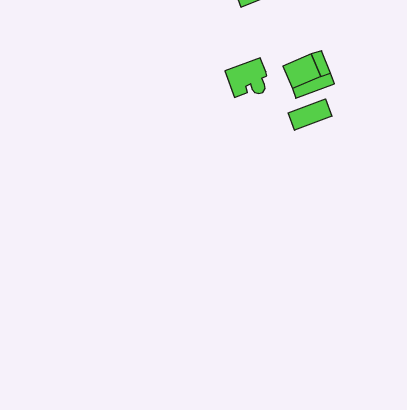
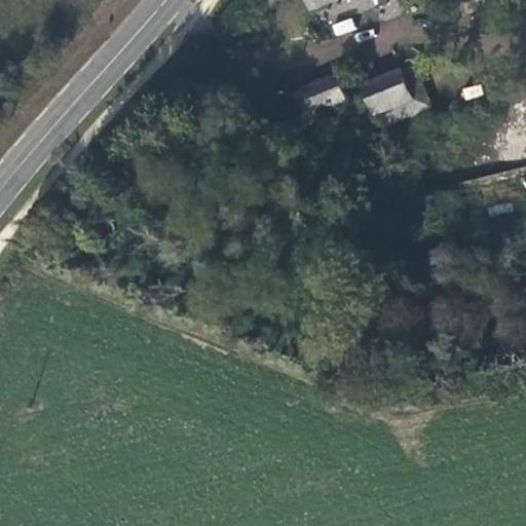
building: [288,99,332,130] -> none

